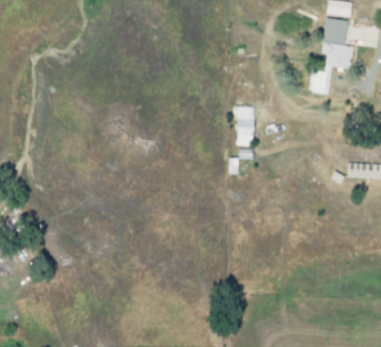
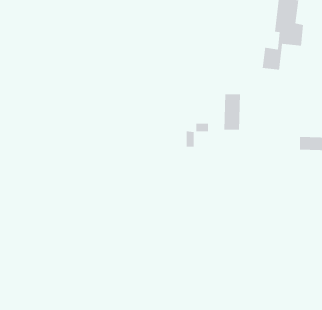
building: [236,107,254,145] -> [223,94,241,130]

